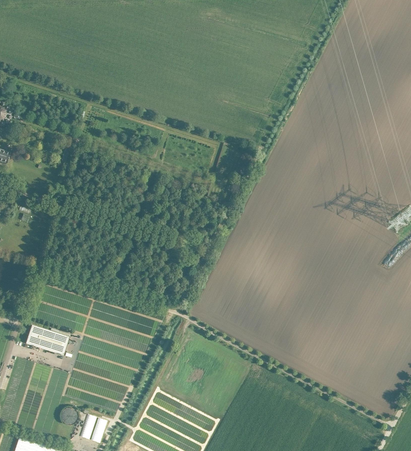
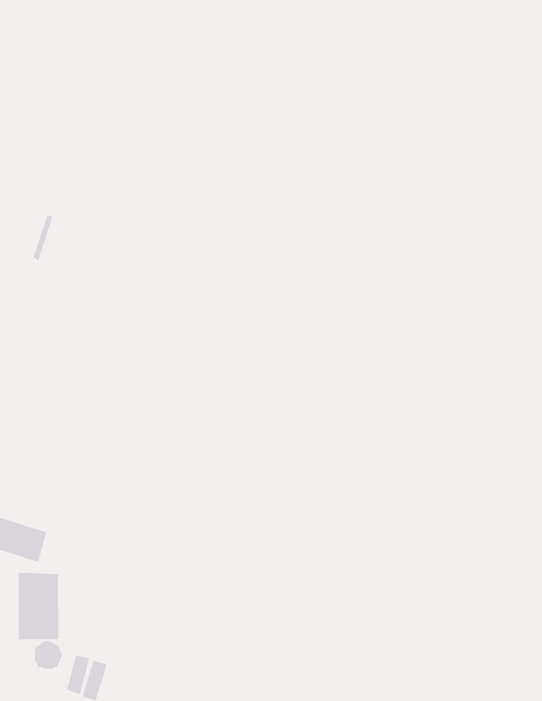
building: none -> [18,572,59,640]

